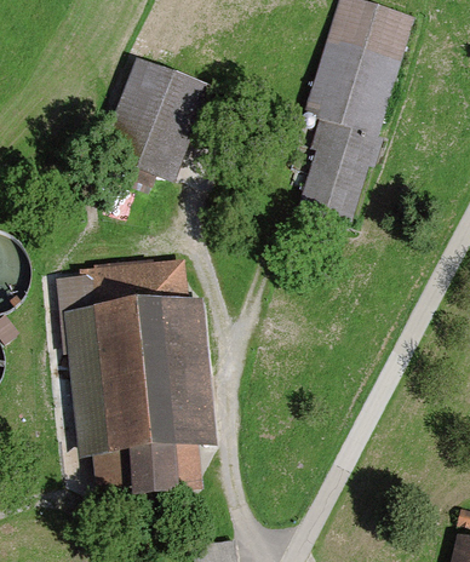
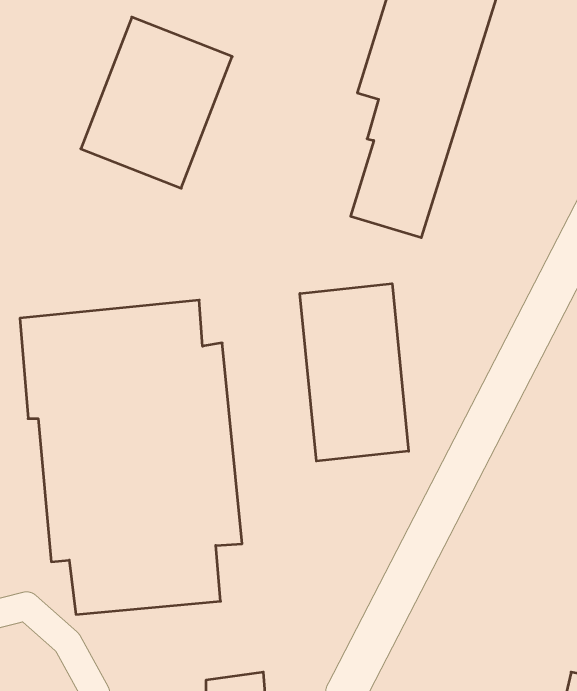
building: none -> [300,284,409,461]

